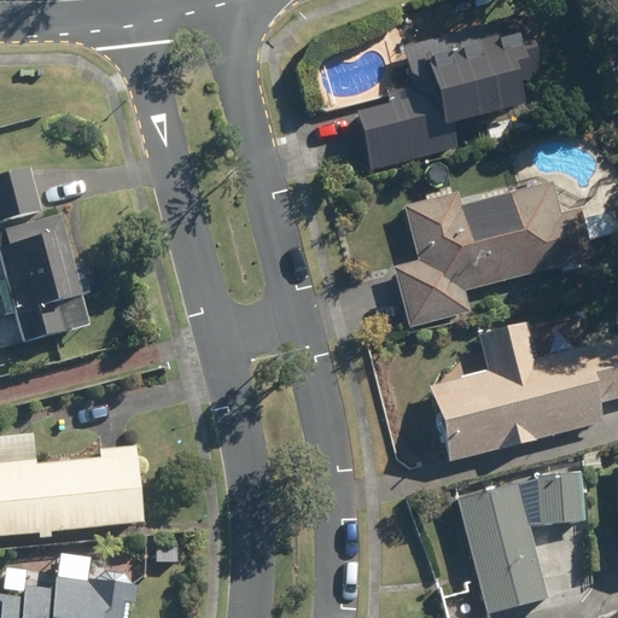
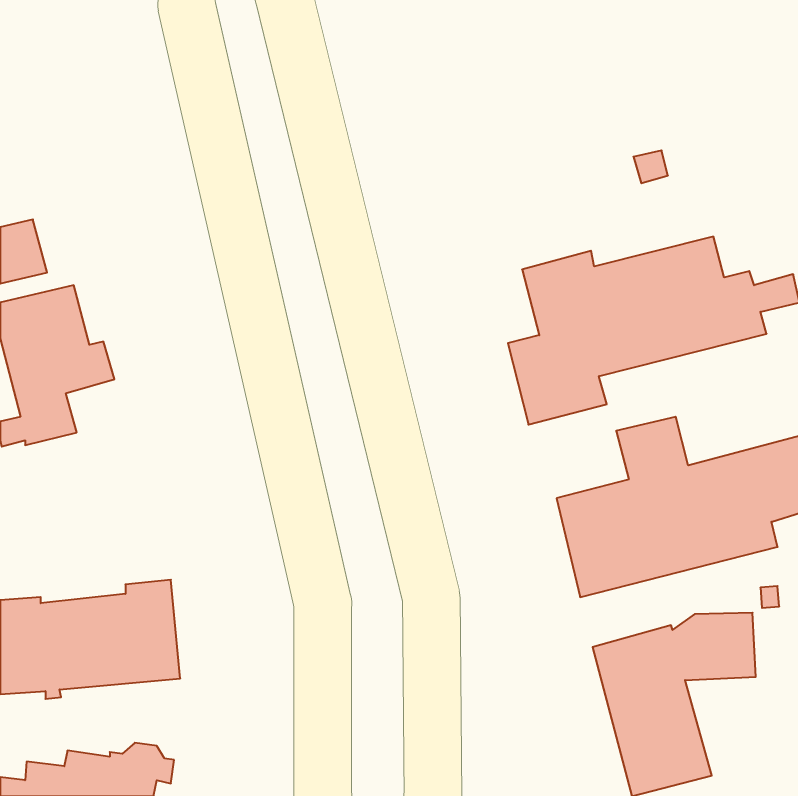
building: [357,23,541,168] -> none

